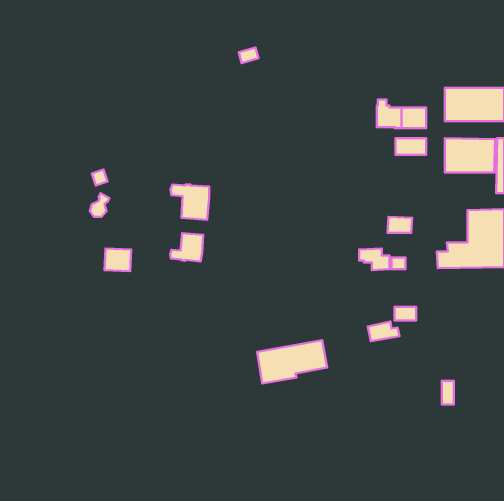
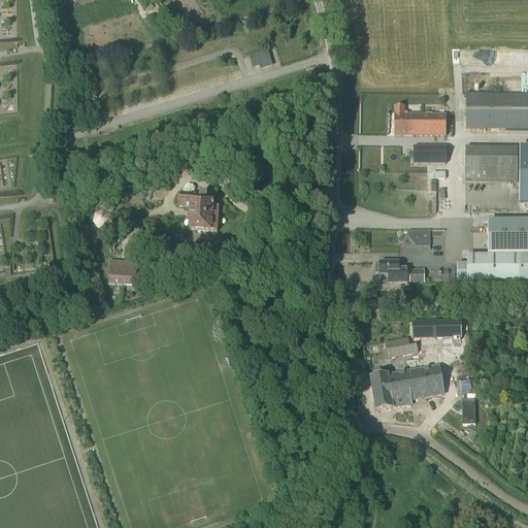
building: [170,233,203,262] -> none
building: none -> [435,320,461,336]
building: [257,340,327,383] -> [370,364,443,409]

